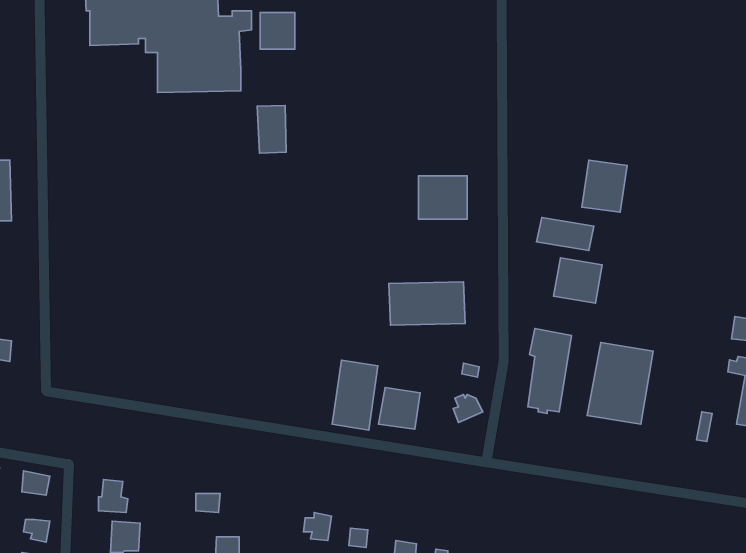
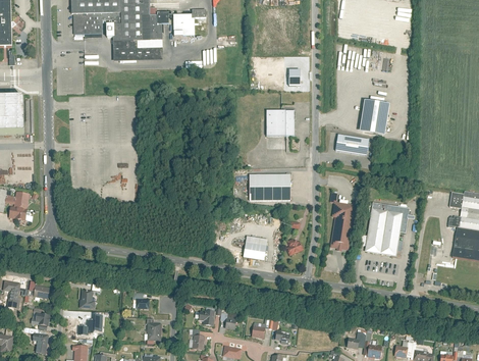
building: [257,105,286,153] -> none
building: [554,258,602,303] -> none
building: [332,360,378,430] -> none

